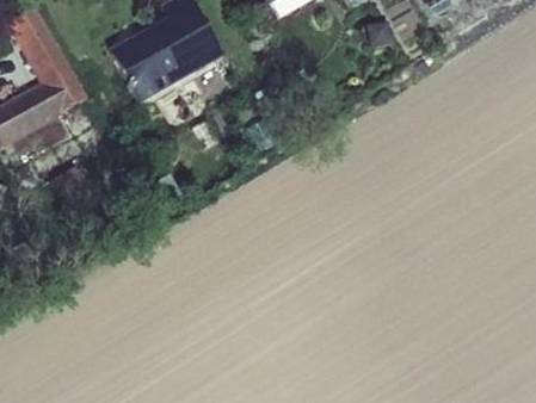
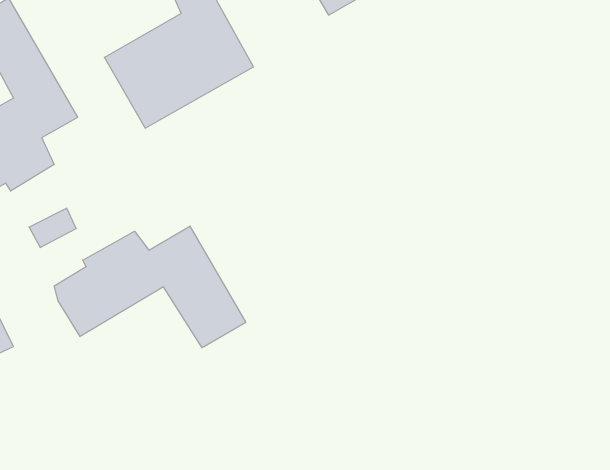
building: none -> [54,226,246,348]

